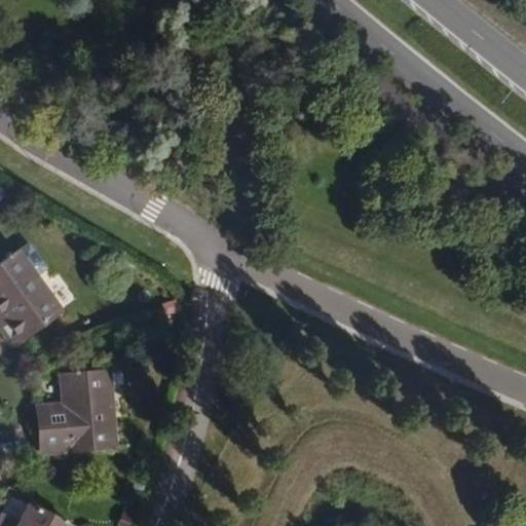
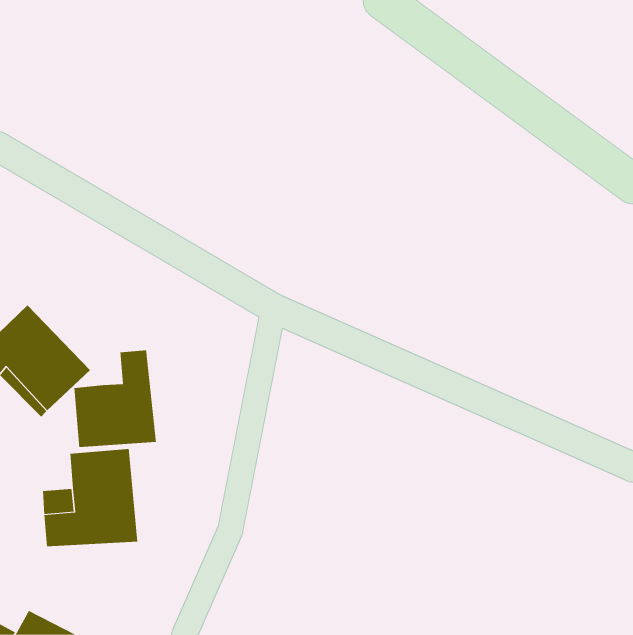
building: none -> [74,349,156,448]

